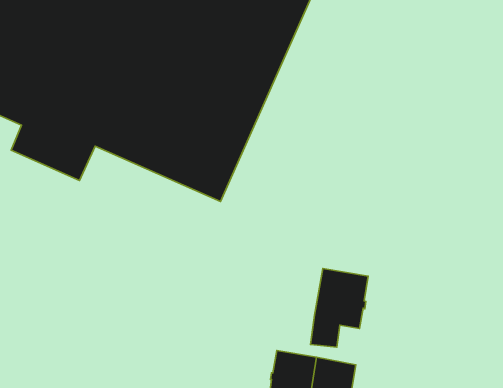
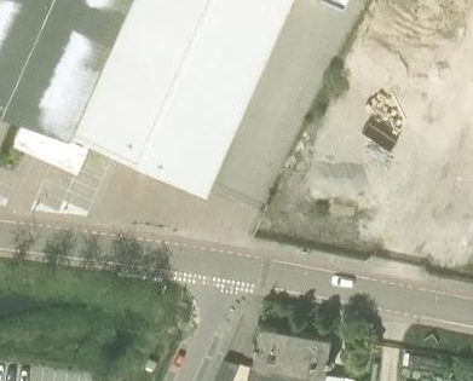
building: [311,268,368,347] -> none

